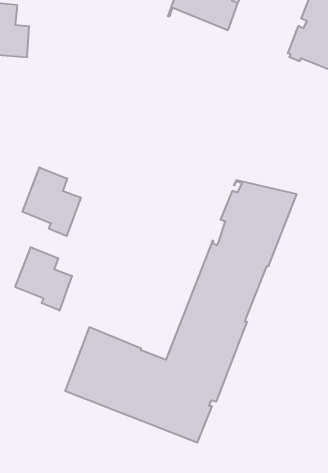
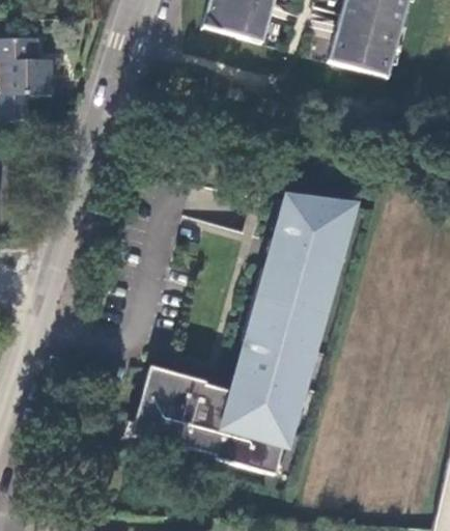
building: [22,167,81,236] -> none
building: [15,247,72,311] -> none

